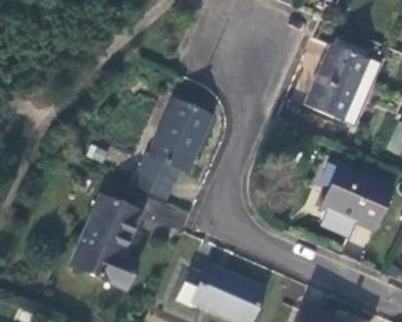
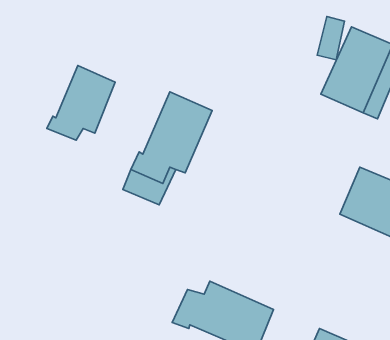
building: none -> [47,65,115,140]
building: [71,198,140,289] -> none

